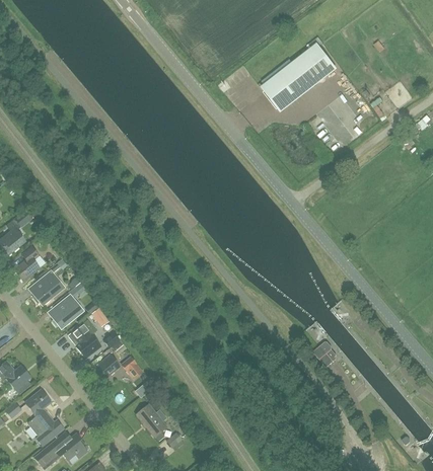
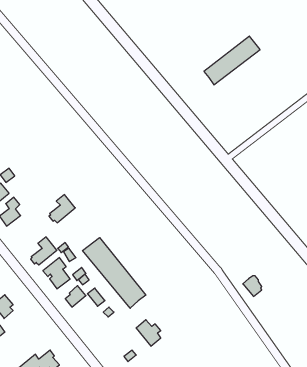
building: [32,270,65,305] -> [49,195,75,223]
building: none -> [83,238,146,308]
building: [25,389,63,442] -> none
building: [136,404,166,437] -> [136,320,161,346]

